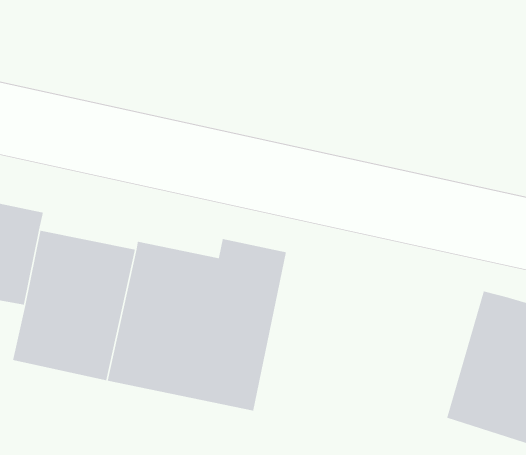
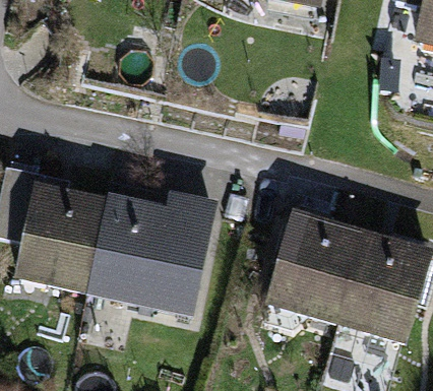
building: none -> [265,207,363,323]

